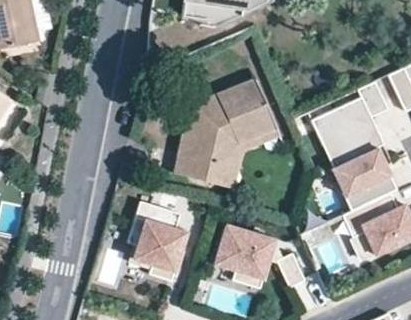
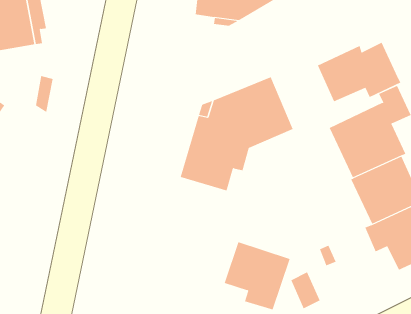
building: none -> [317,42,401,102]
building: [216,122,282,185] -> none
building: [124,205,182,284] -> none

